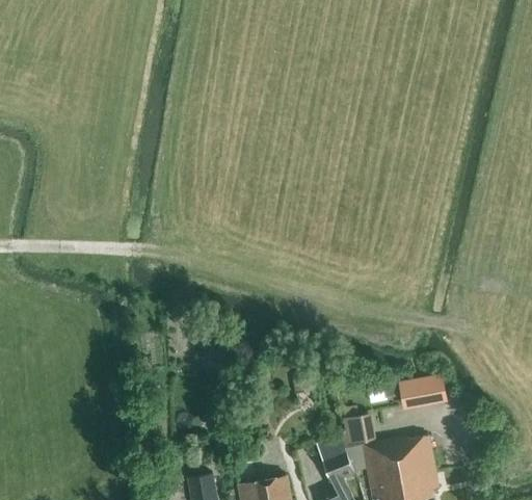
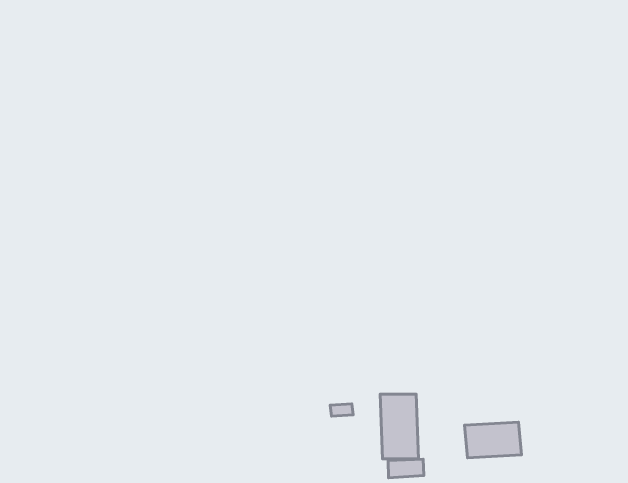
building: none -> [380,394,418,459]

